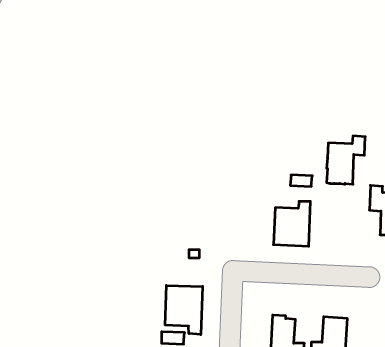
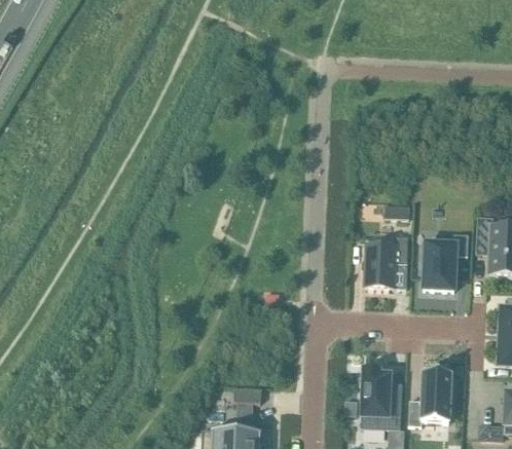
building: [327,136,365,184] -> [424,234,469,291]
building: [165,285,203,335] -> none

